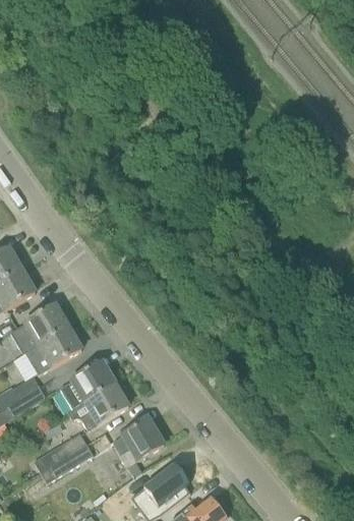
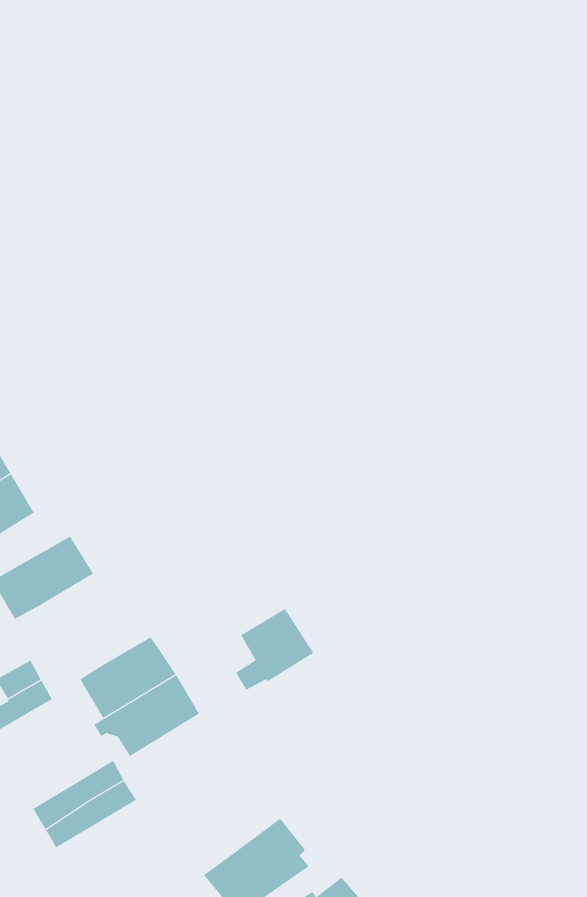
building: [24,326,81,373] -> none
building: [119,418,164,465] -> [235,608,314,691]

